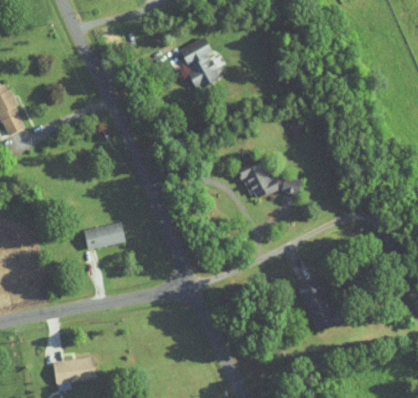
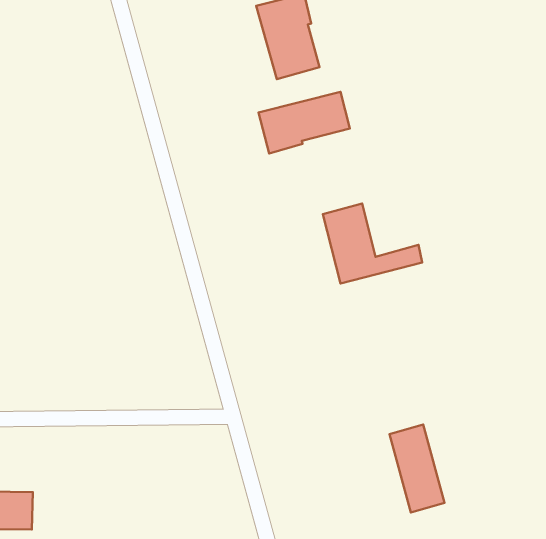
building: none -> [258,92,350,153]
building: [83,222,125,250] -> none

